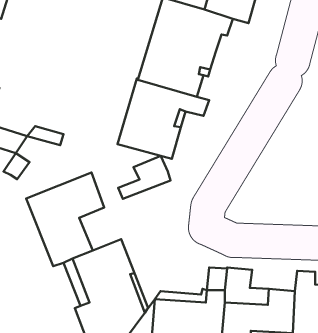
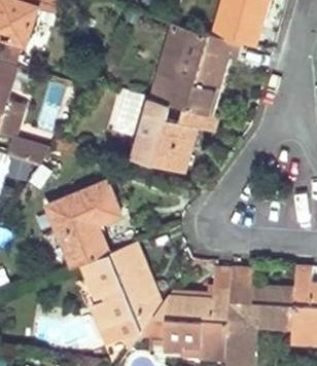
building: [118,156,170,199] -> none

